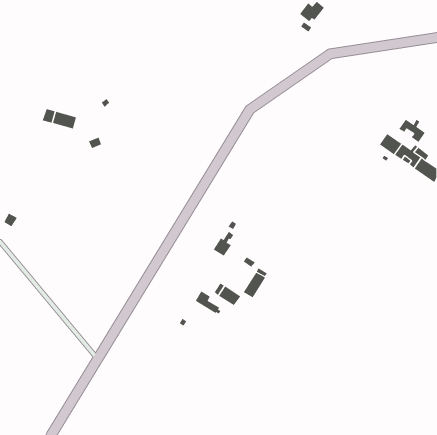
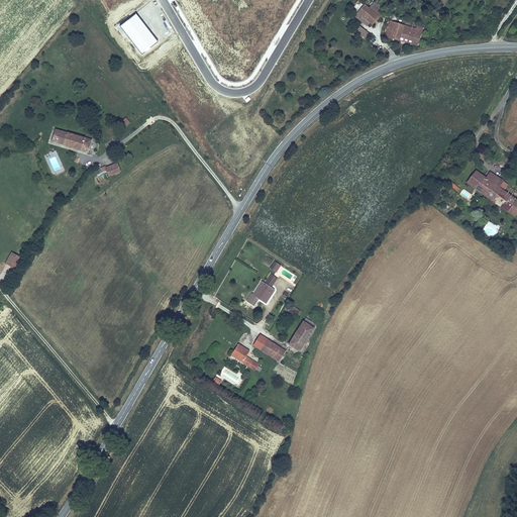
building: none -> [119,12,158,53]
building: none -> [384,19,422,45]
building: [399,119,426,143] -> none
building: [379,133,402,155] -> none

